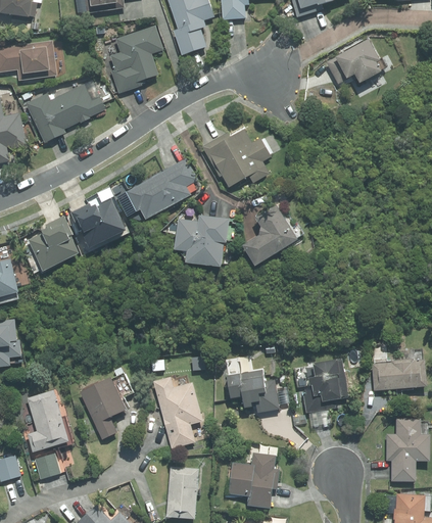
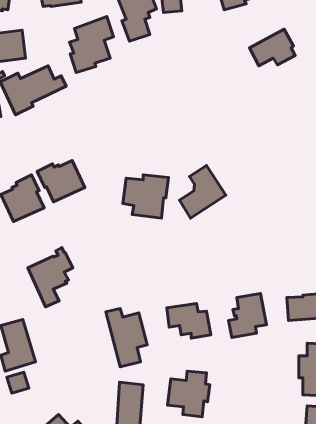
building: [201,129,271,188] -> none
building: [126,158,197,221] -> none
building: [80,367,134,438] -> [28,248,73,307]

